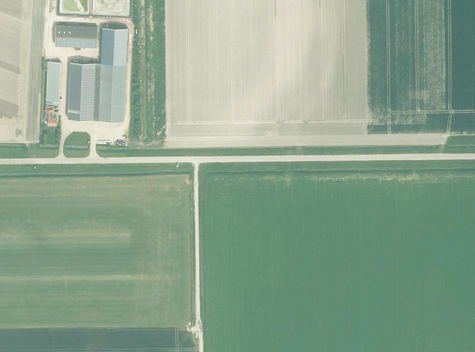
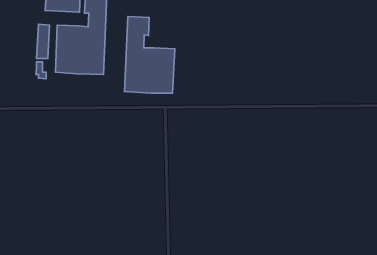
building: none -> [125,17,175,93]

